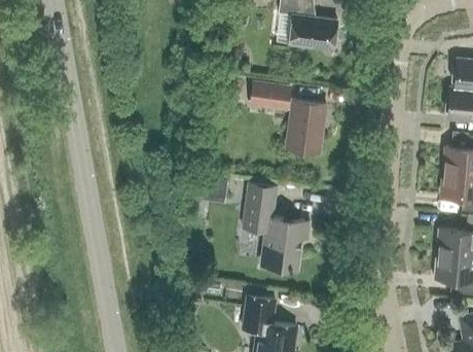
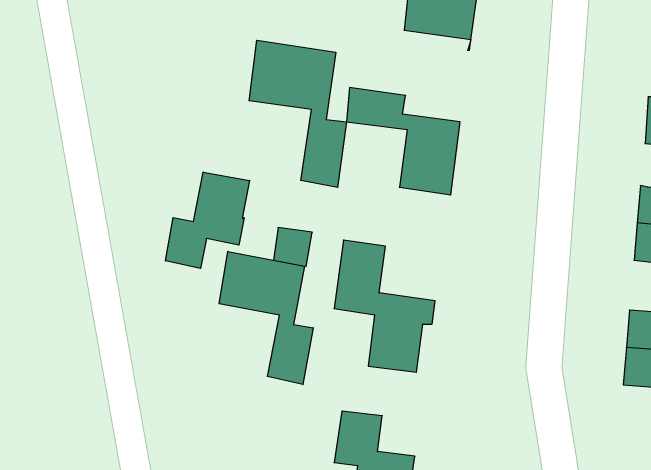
building: none -> [249,40,347,187]
building: none -> [165,172,250,268]
building: none -> [219,251,313,385]

